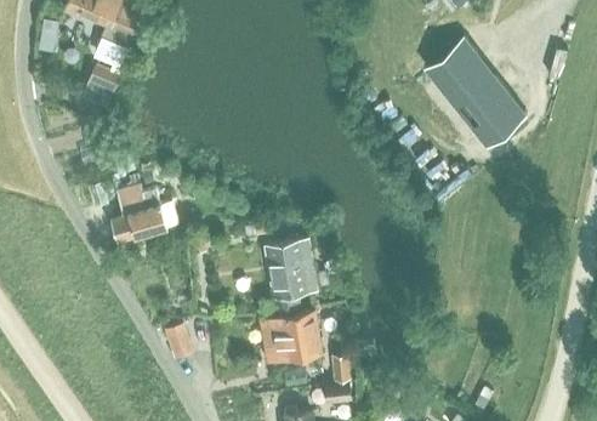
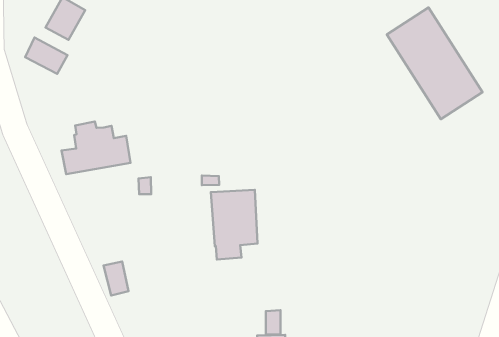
building: none -> [25,37,67,74]
building: [260,309,322,364] -> none

